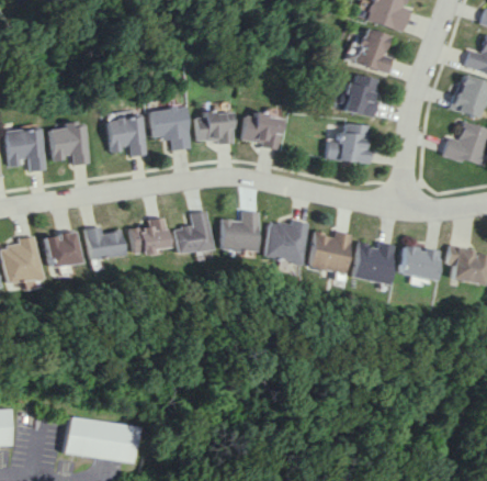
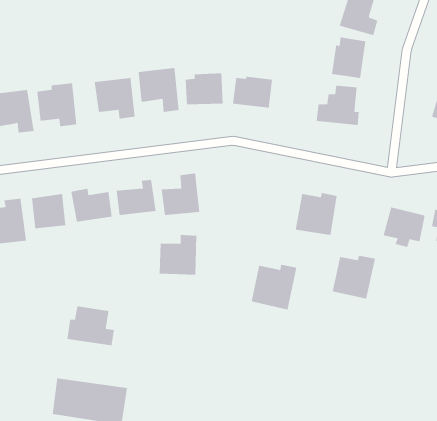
building: [222,211,260,251] -> [159,235,197,275]
building: [263,220,309,266] -> [251,264,297,310]
building: [349,242,393,286] -> [332,255,376,299]
building: none -> [67,306,115,346]

